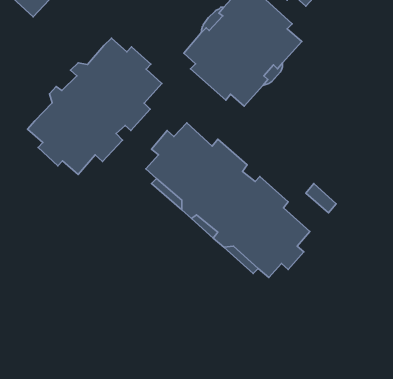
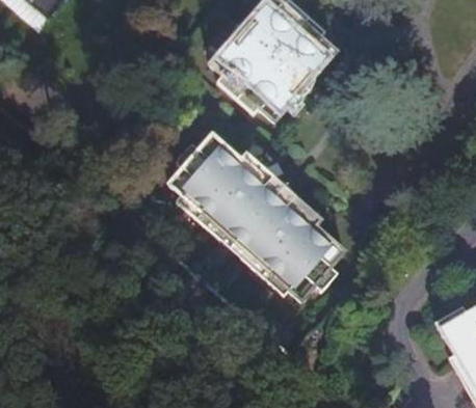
building: [27,38,162,175] -> none

